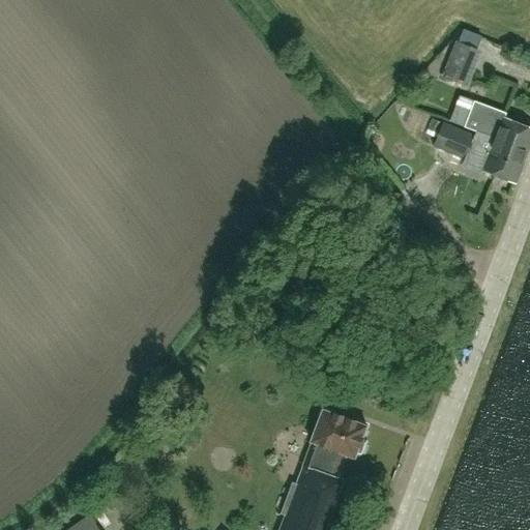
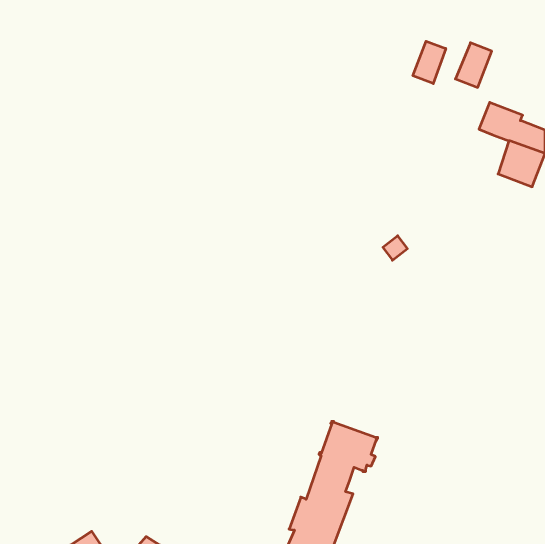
building: none -> [413,41,446,84]
building: [433,124,475,161] -> none

